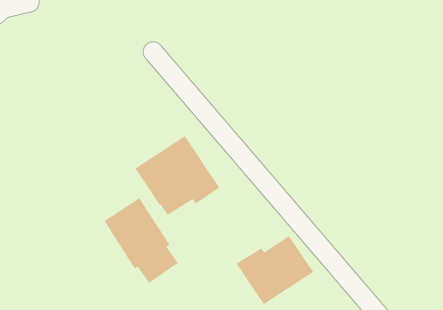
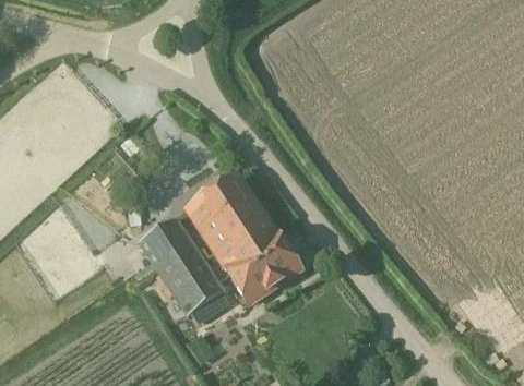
building: none -> [135,214,190,263]
building: [228,235,314,305] -> [211,228,301,302]

